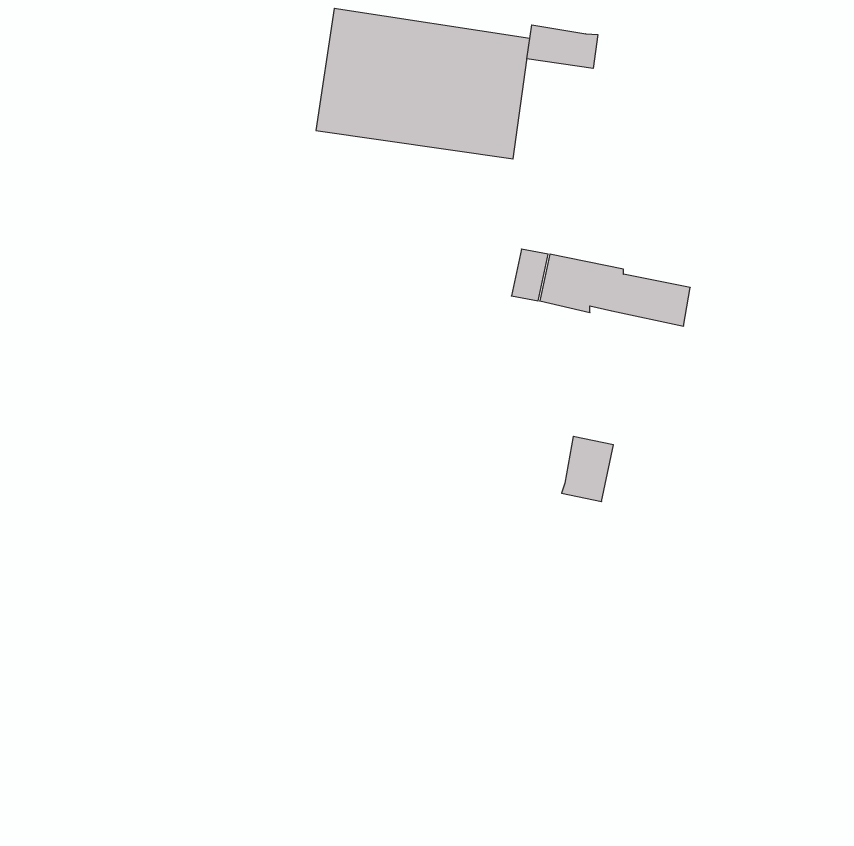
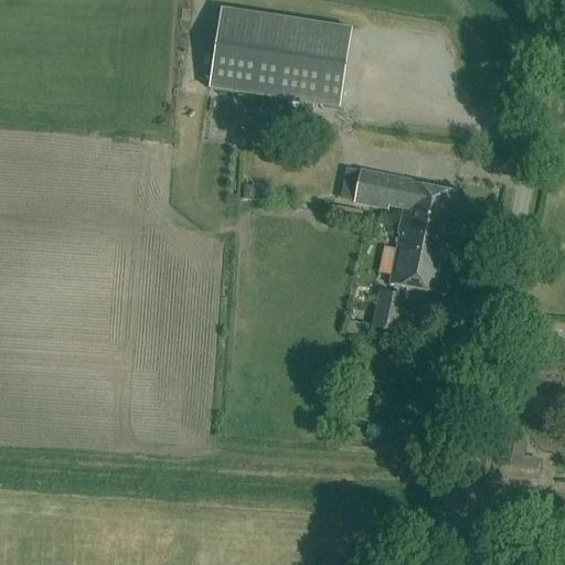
building: [527,25,598,68] -> none
building: none -> [391,205,454,292]

